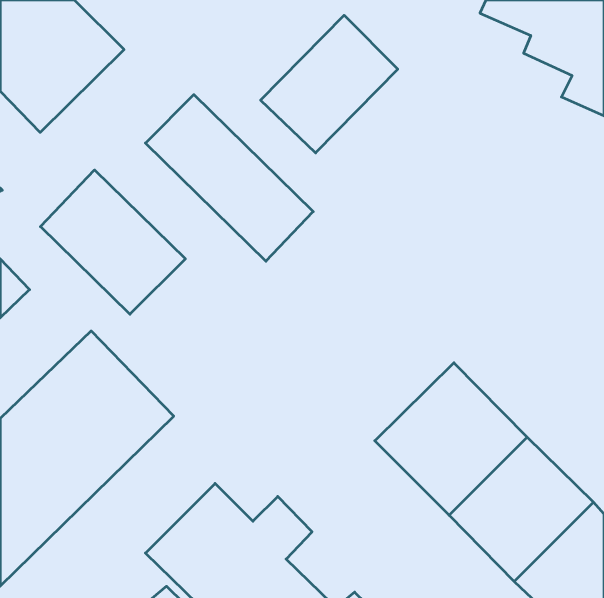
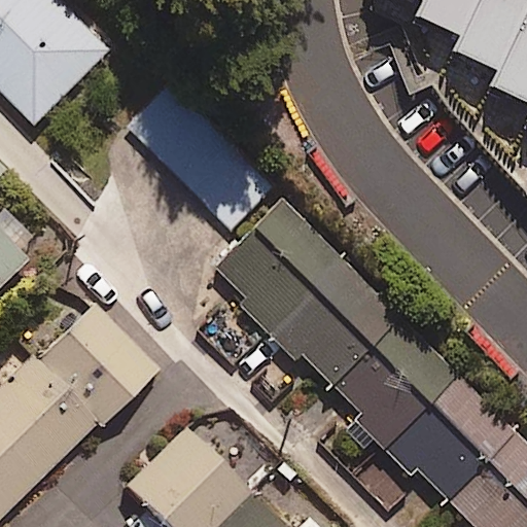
building: [261,15,398,153] -> none
building: [40,170,185,314] -> none
building: none -> [218,213,395,389]

